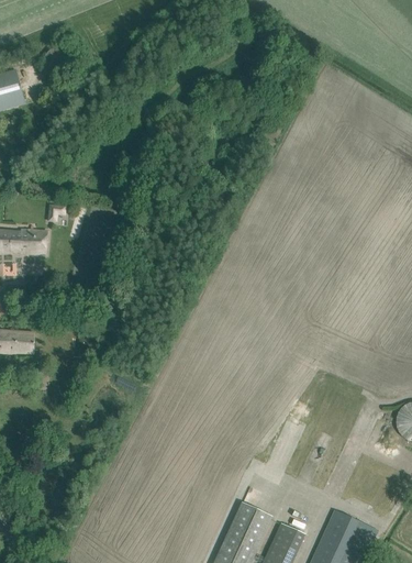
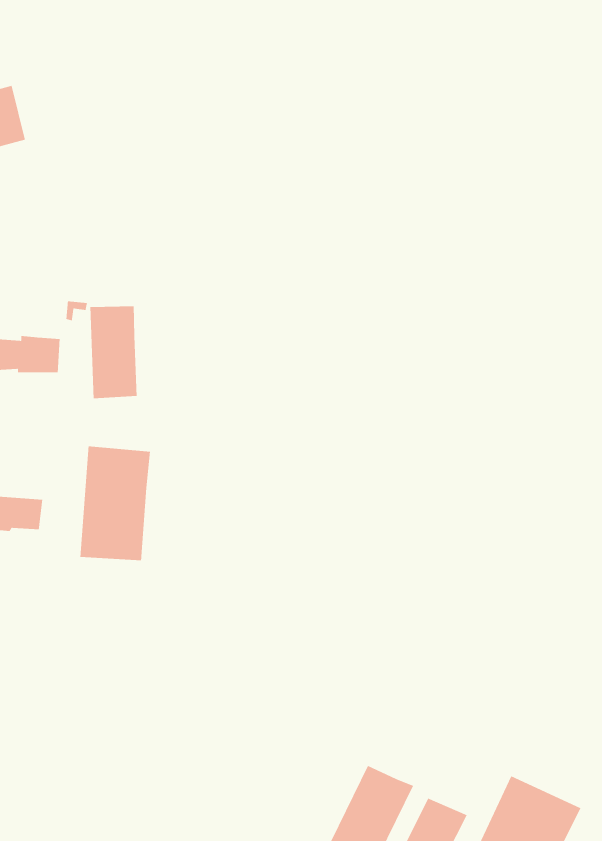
building: none -> [90,306,138,399]
building: none -> [79,445,151,561]

